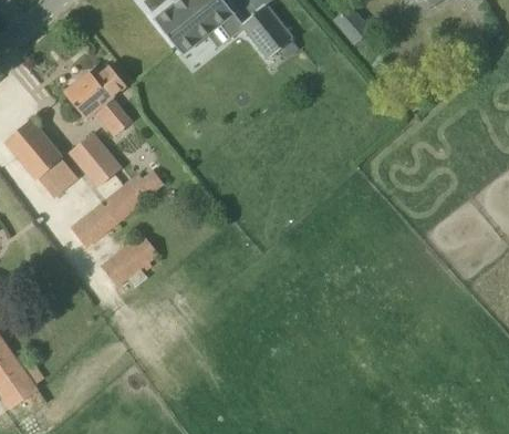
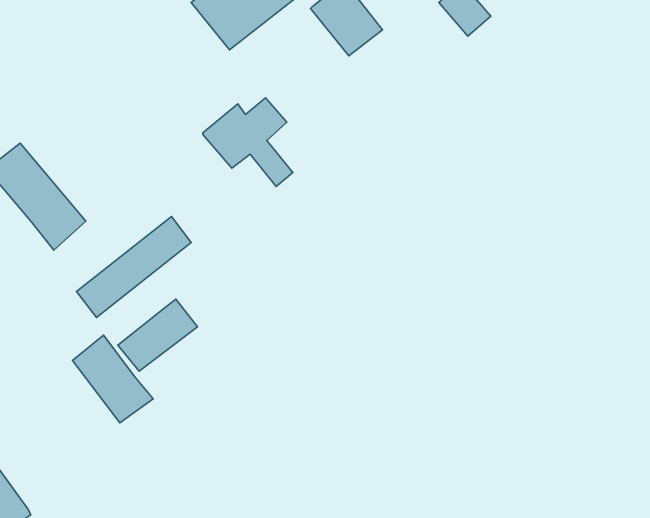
building: [64,66,129,131] -> [203,98,293,186]
building: [70,134,120,185] -> none
building: none -> [73,335,153,423]

